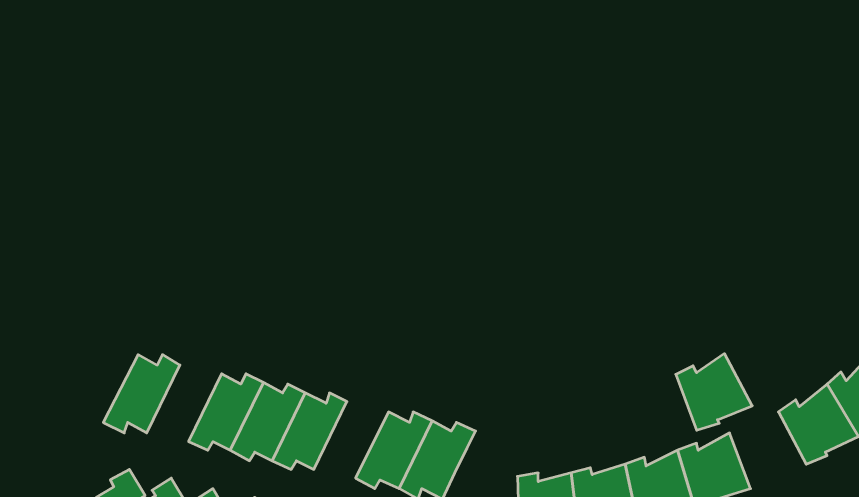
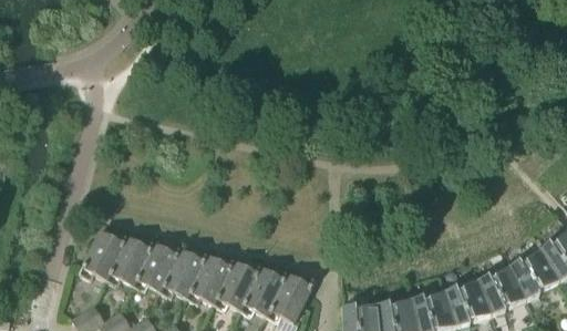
building: [676,354,752,430] -> [477,267,526,316]
building: none -> [106,237,154,286]
building: none -> [213,260,260,310]

